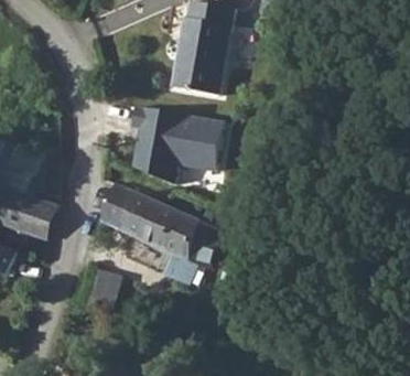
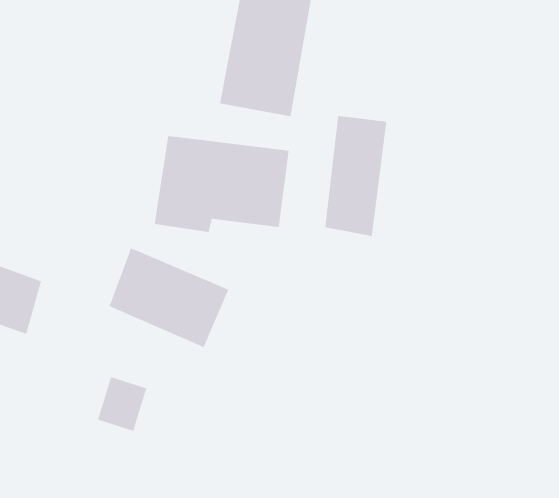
building: none -> [325,115,387,237]
building: [161,211,220,286] -> none

